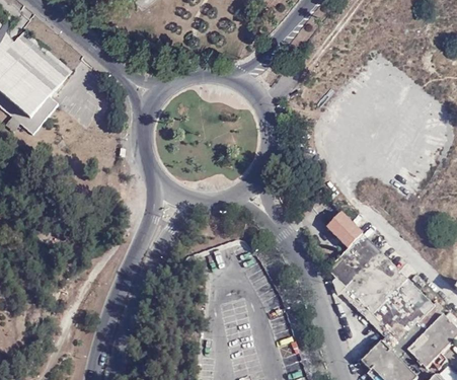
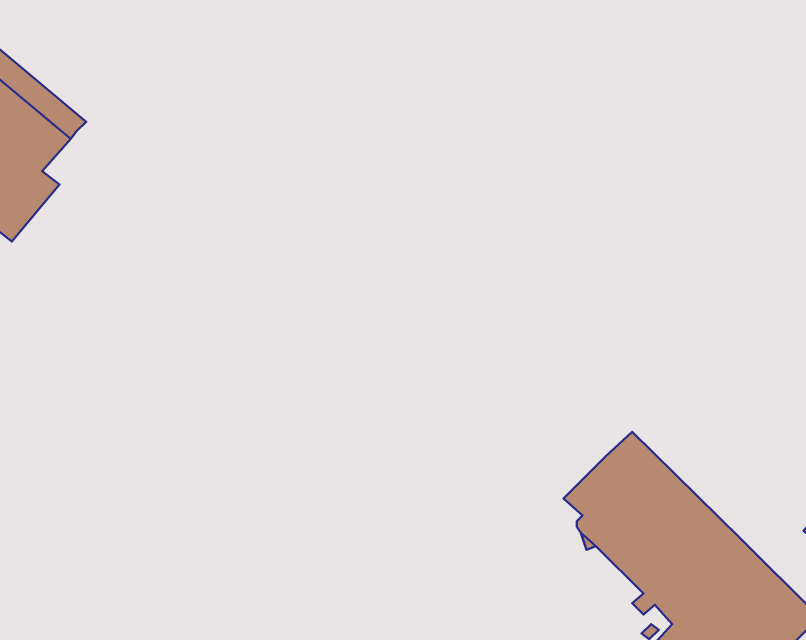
building: [326,213,362,247] -> none

